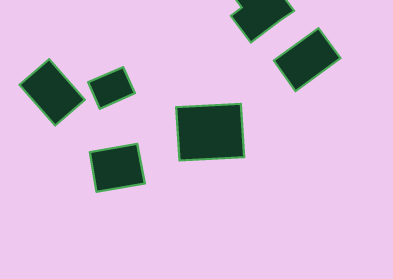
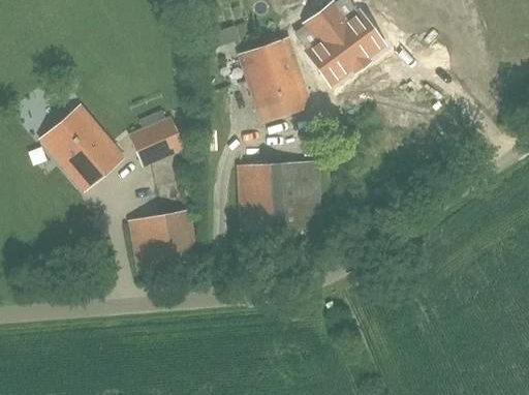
building: none -> [240,37,309,120]
building: [274,28,341,91] -> none

